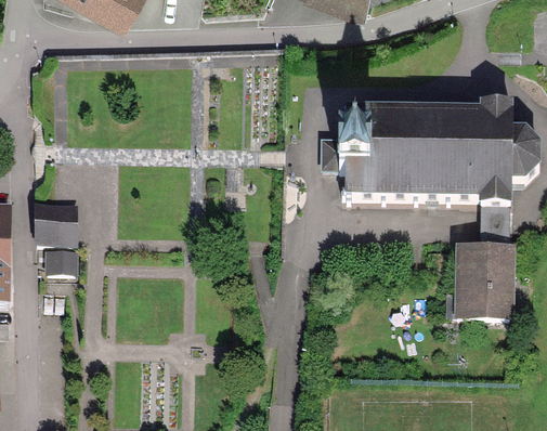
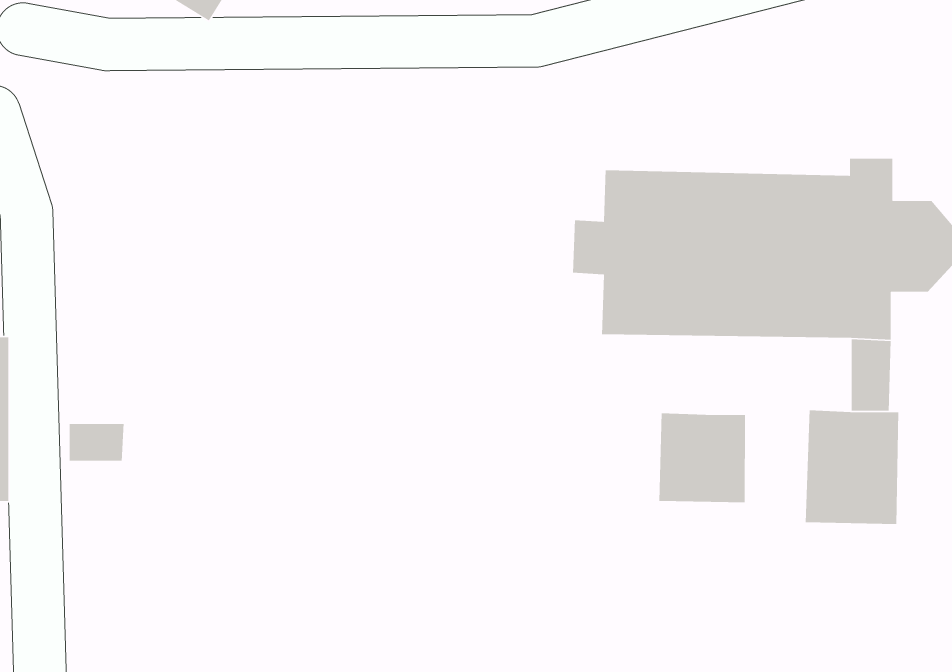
building: [34,208,74,243] -> none
building: none -> [659,413,746,503]

